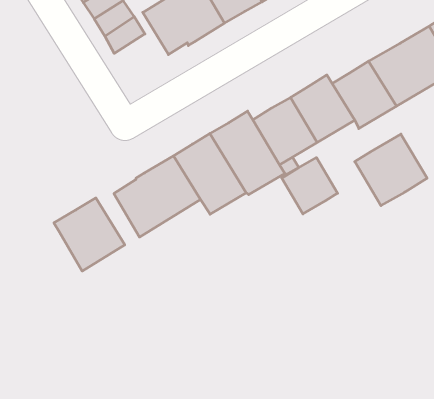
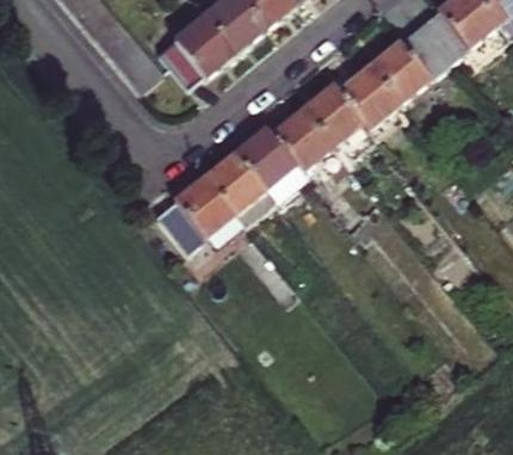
building: [355,134,427,206] -> none
building: [282,158,338,214] -> none
building: [54,198,125,271] -> none

